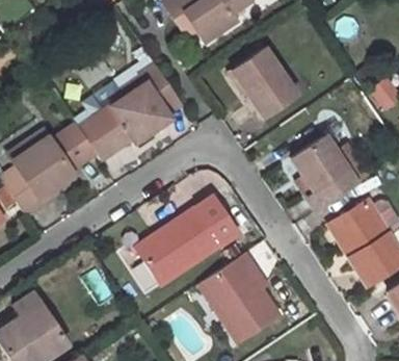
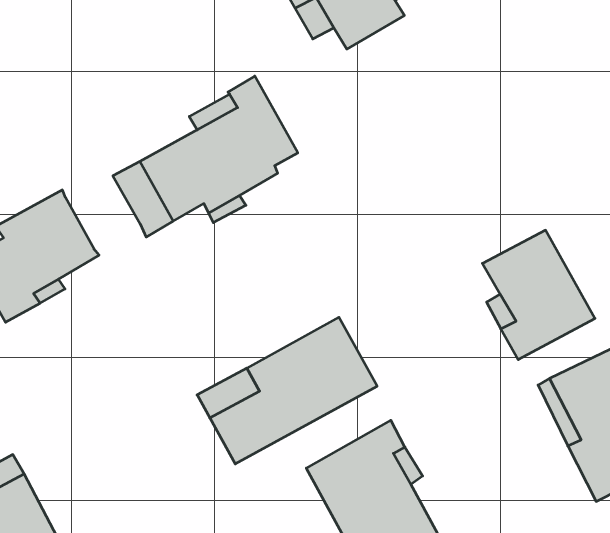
building: [231,48,296,117] -> none
building: [52,125,96,169] -> none

